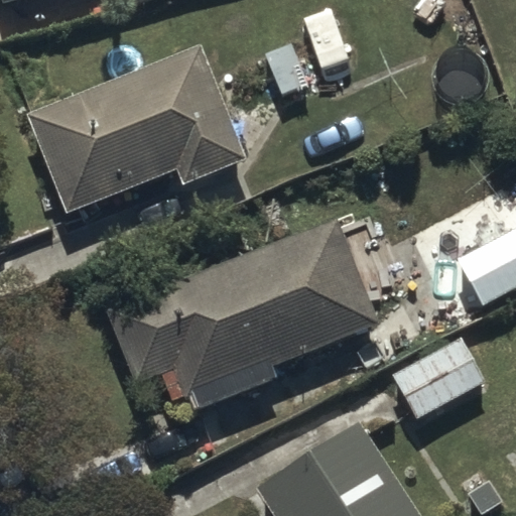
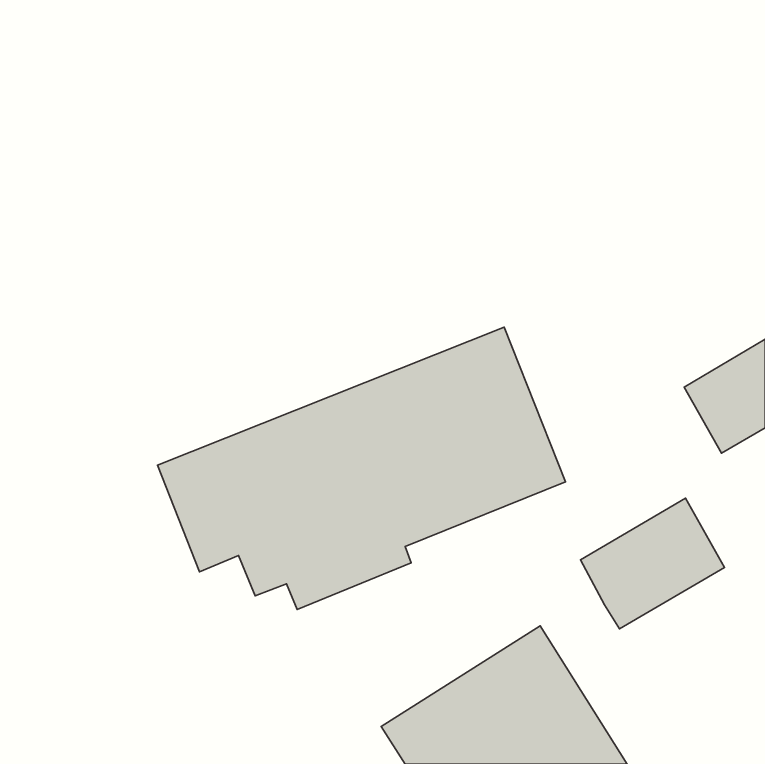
building: [25,47,245,214] -> none

